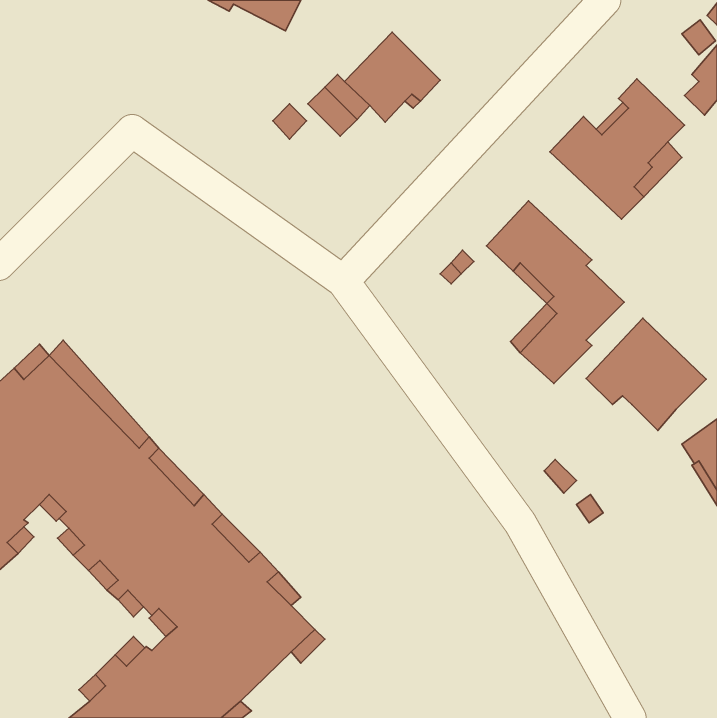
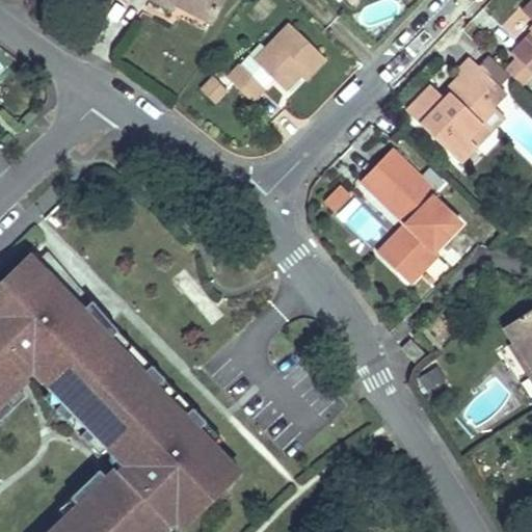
building: [586,318,706,431] -> none

